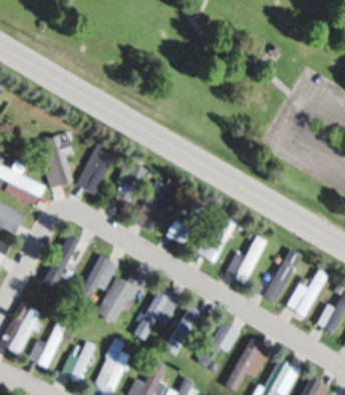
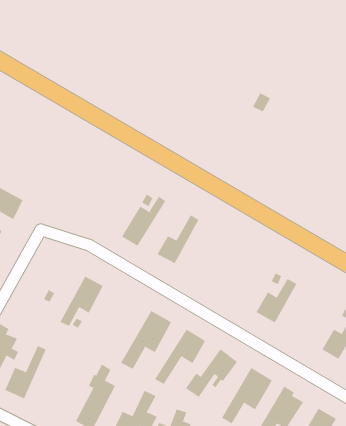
building: [37,134,72,185] -> none
building: [76,140,115,192] -> none
building: [116,161,147,202] -> none
building: [198,217,238,262] -> none
building: [48,235,89,282] -> none
building: [227,236,267,283] -> none
building: [96,269,143,323] -> none
building: [289,269,329,317] -> none
building: [61,342,95,381] -> none

